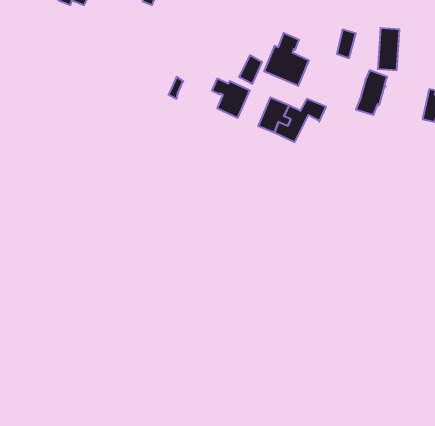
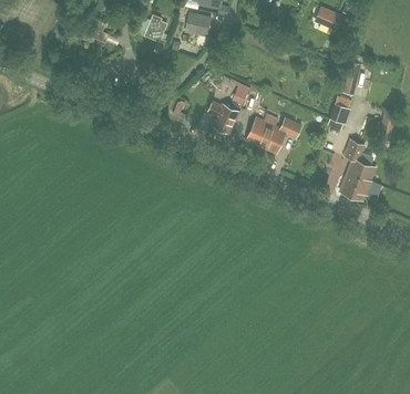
building: [264,33,309,86] -> none
building: none -> [340,139,376,199]

